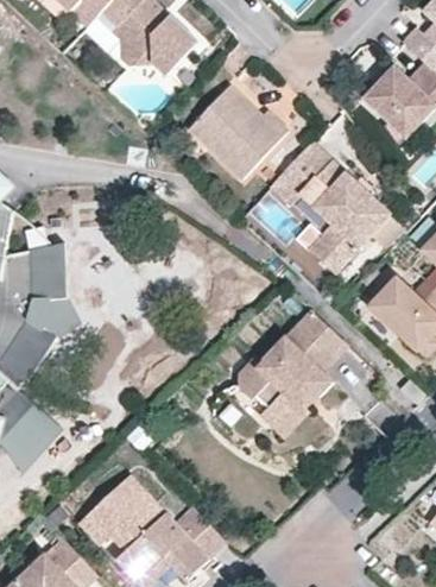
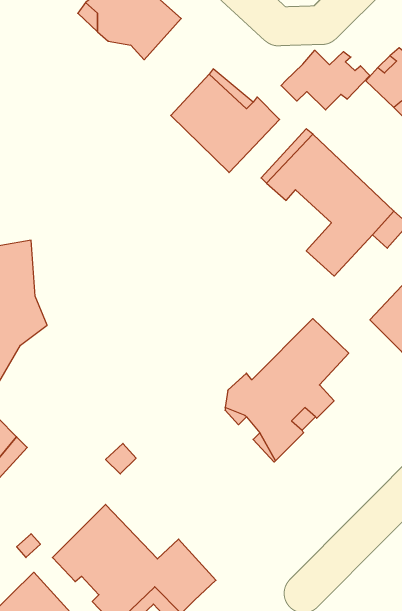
building: none -> [281,50,370,110]

